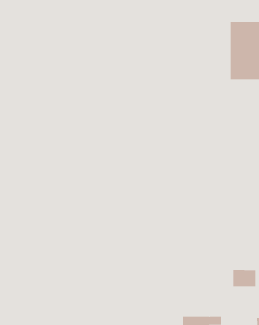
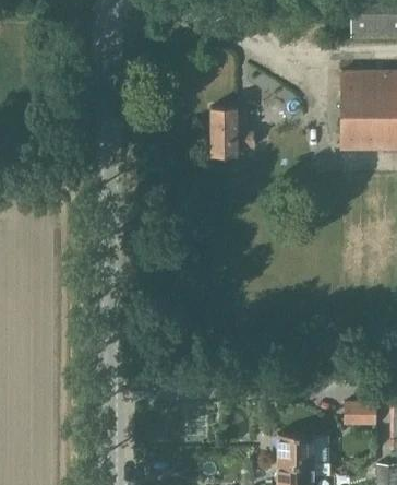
building: none -> [212,107,255,155]
building: none -> [278,434,314,463]

